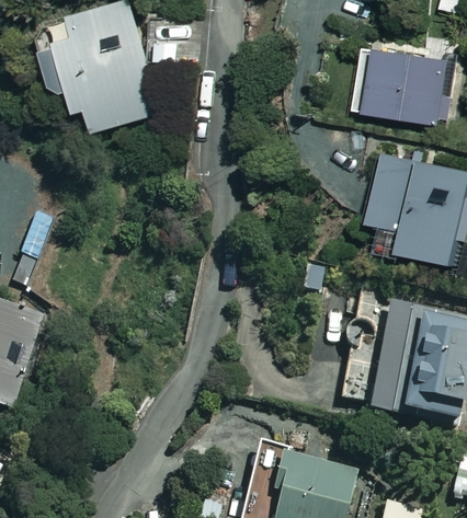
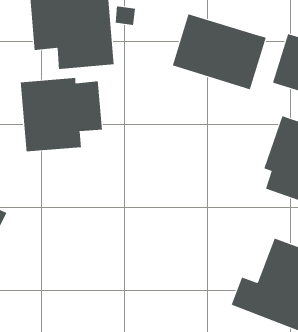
building: none -> [172,14,266,90]
building: none -> [20,77,103,152]

